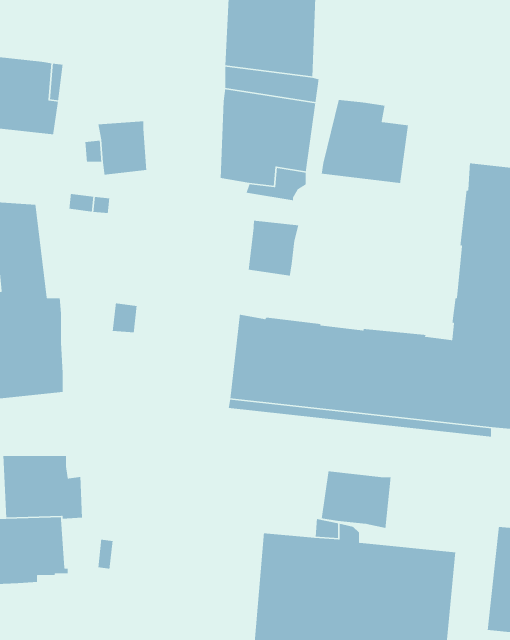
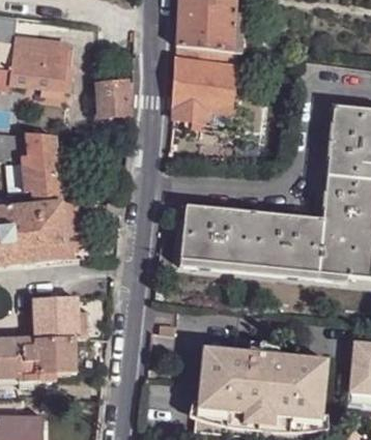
building: [321,99,409,184] -> none
building: [248,220,299,277] -> none
building: [321,471,392,529] -> none

